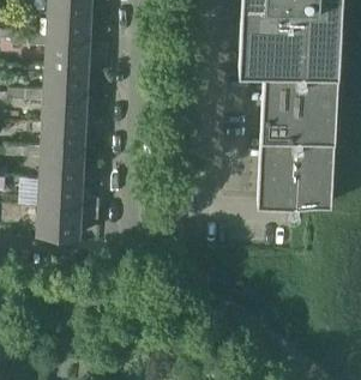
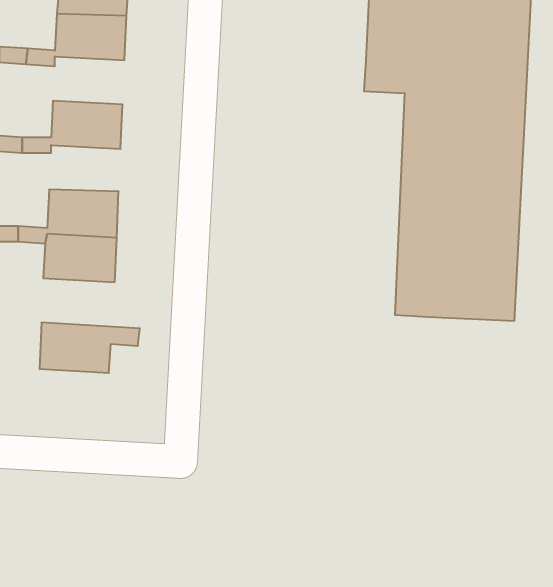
building: [44,42,89,72] -> none
building: [42,97,86,126] -> none
building: [37,180,98,211] -> none

